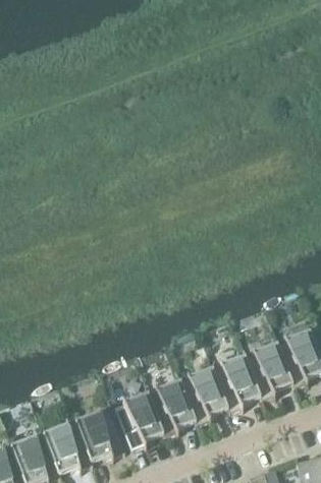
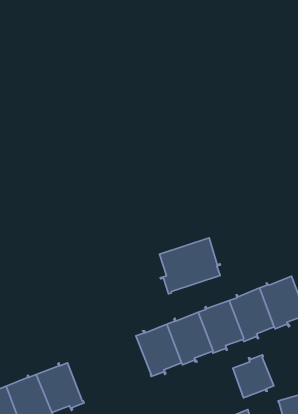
building: none -> [160,238,221,294]
building: [113,394,162,448] -> none
building: [74,409,124,462] -> none
building: none -> [233,355,274,398]

